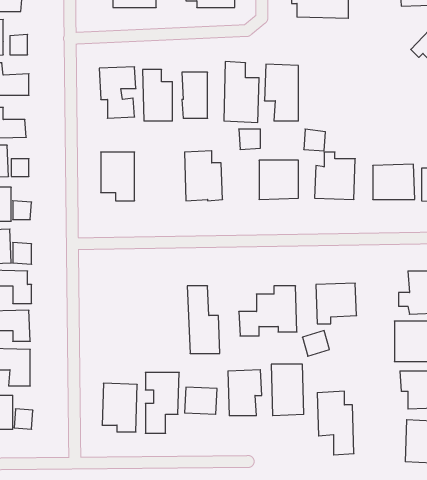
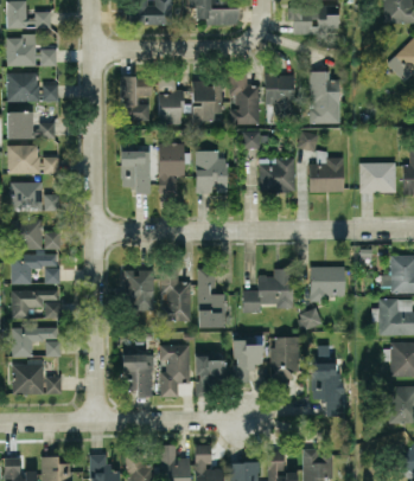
building: none -> [310,71,340,122]
building: none -> [158,143,185,193]
building: none -> [125,269,154,310]
building: none -> [160,269,191,320]

